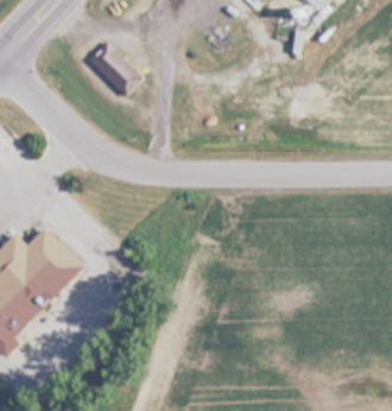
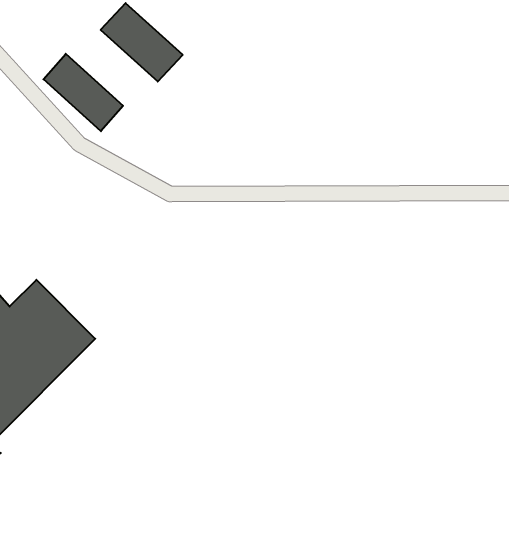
building: none -> [43,54,123,131]

